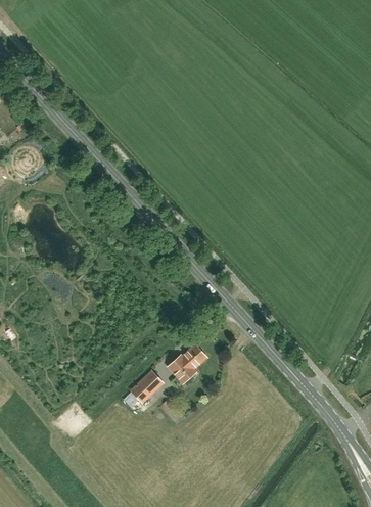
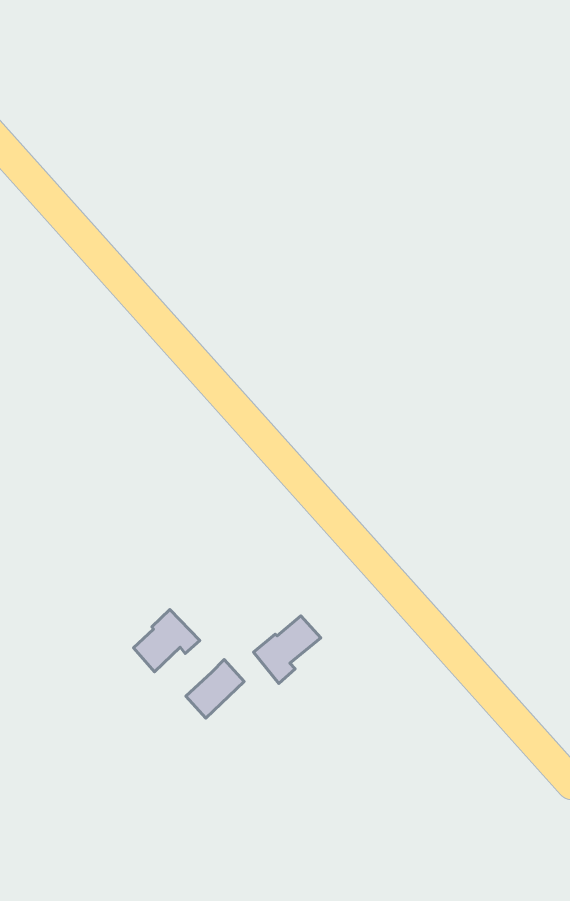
building: none -> [133,610,200,672]

